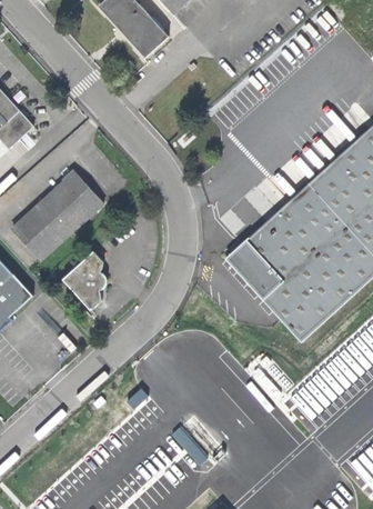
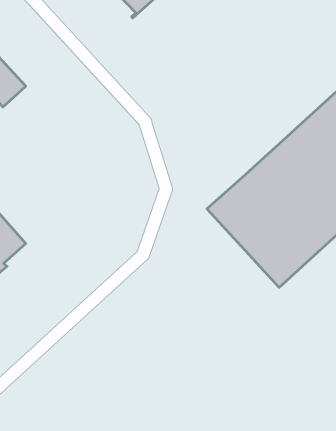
building: [12,171,103,260] -> none
building: [62,251,103,310] -> none

